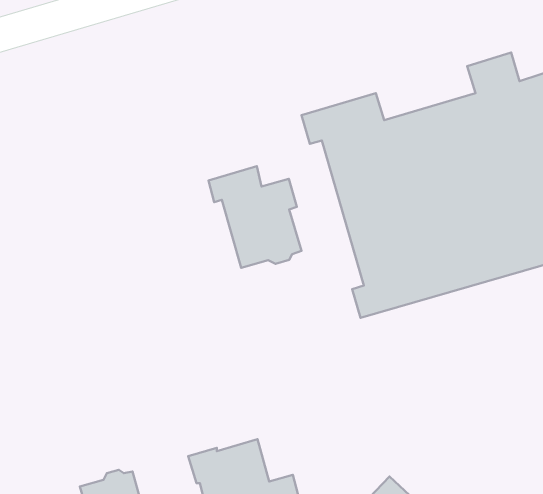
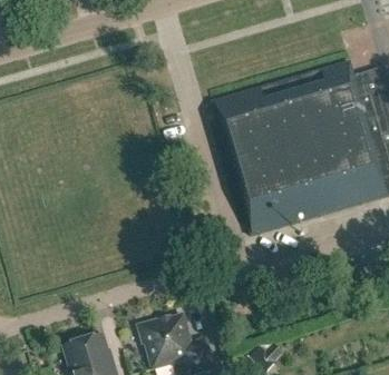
building: [208,166,301,268] -> none

